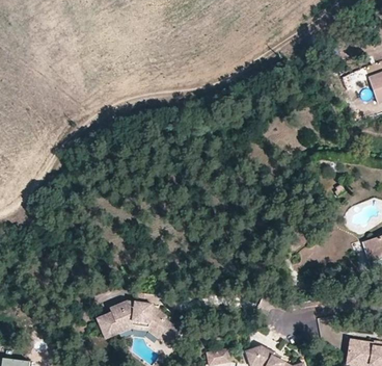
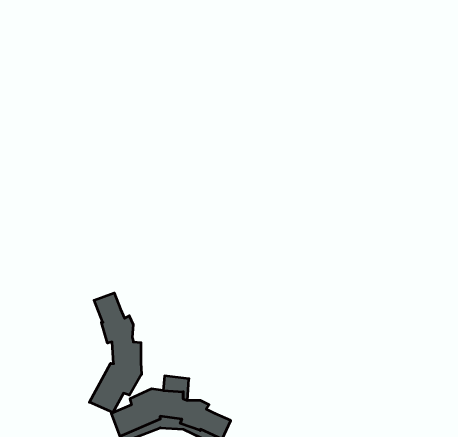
building: none -> [89,293,142,413]

